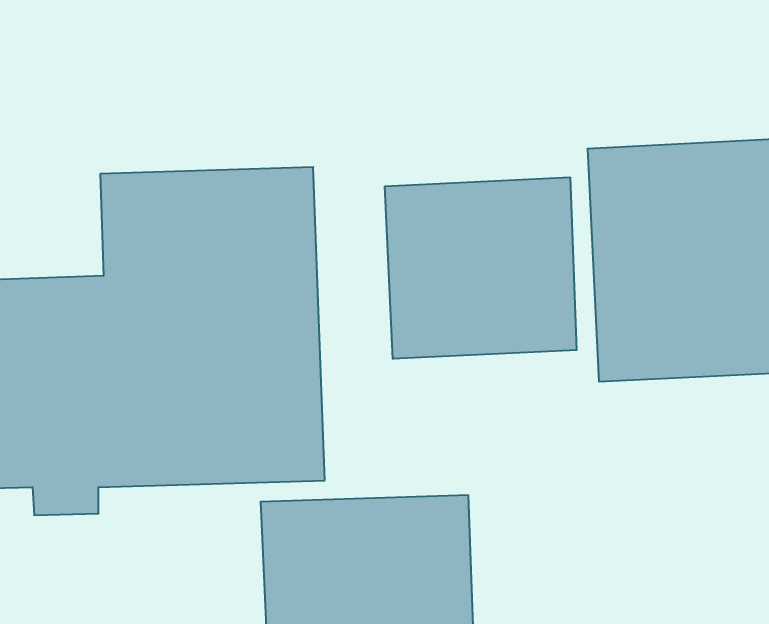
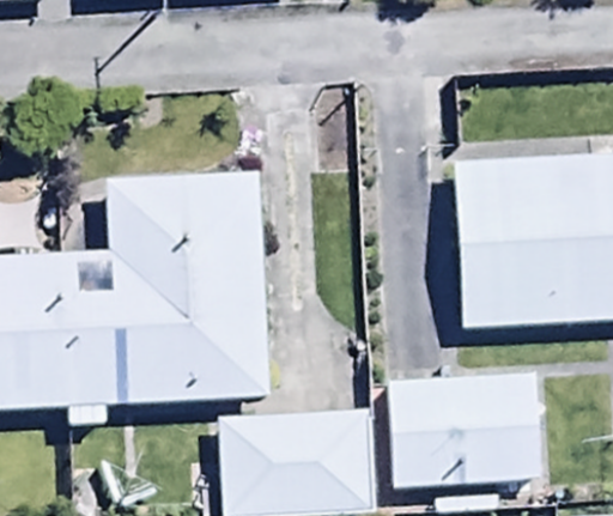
building: [385,177,577,359] -> none
building: none -> [386,375,539,488]

